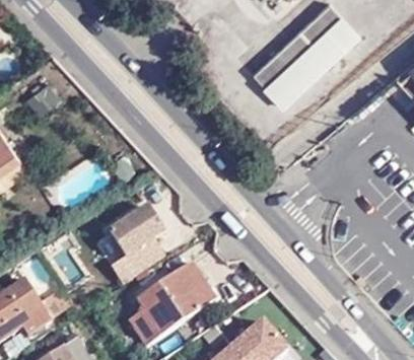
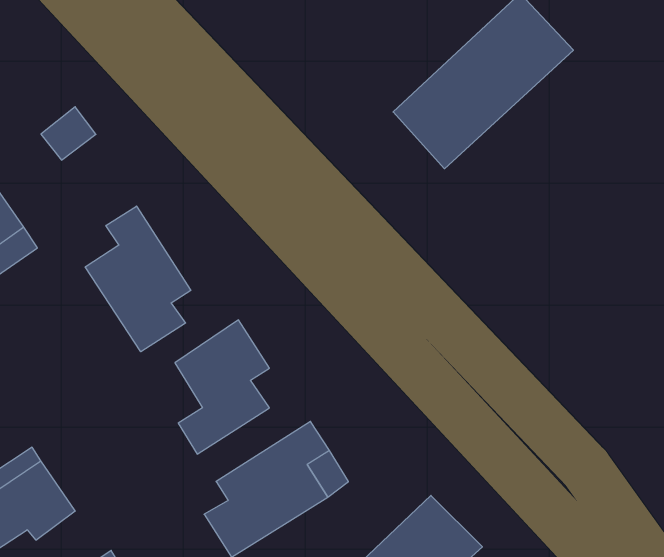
building: none -> [85,206,191,352]

